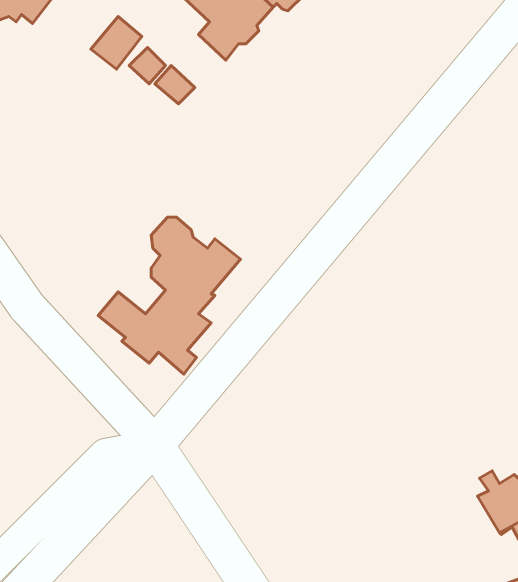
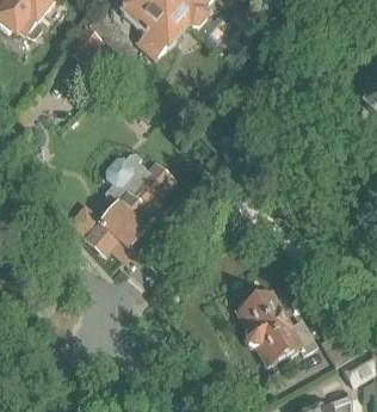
building: none -> [239,293,317,371]

